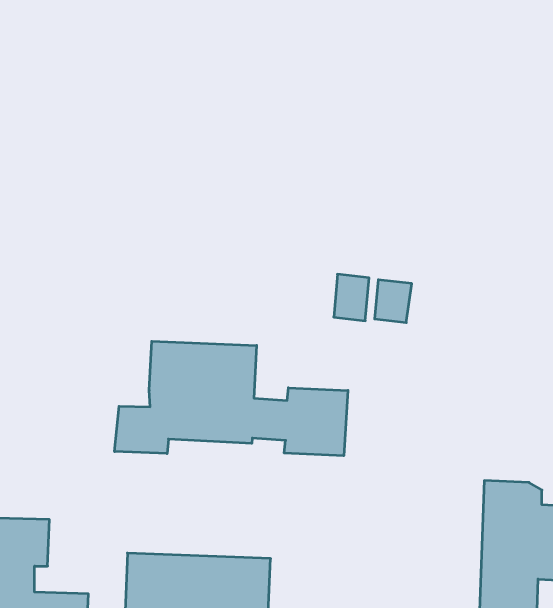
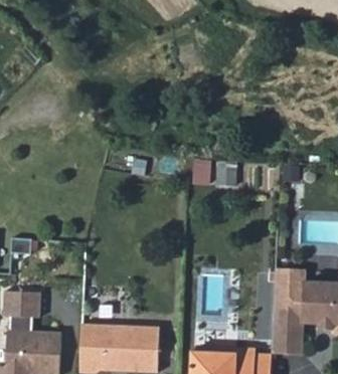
building: [115,341,348,456] -> none

